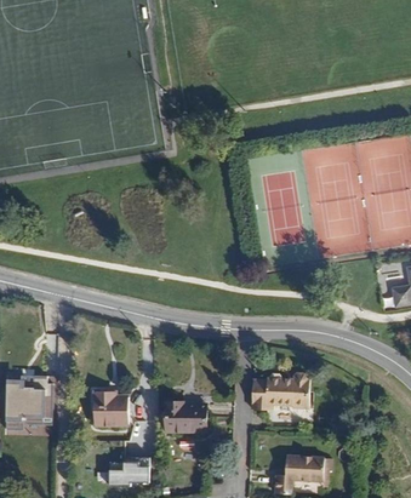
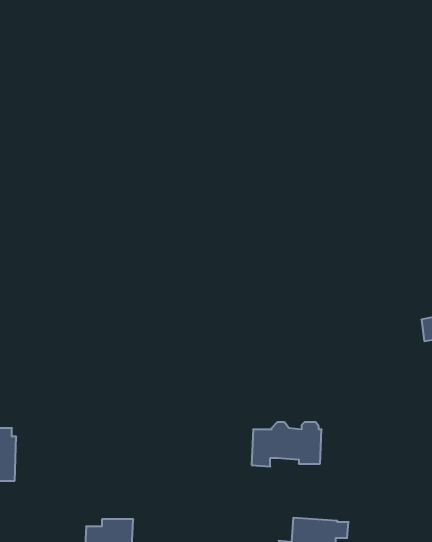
building: [91,390,127,427] -> none
building: [164,401,206,433] -> none

